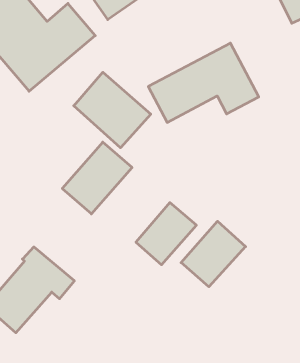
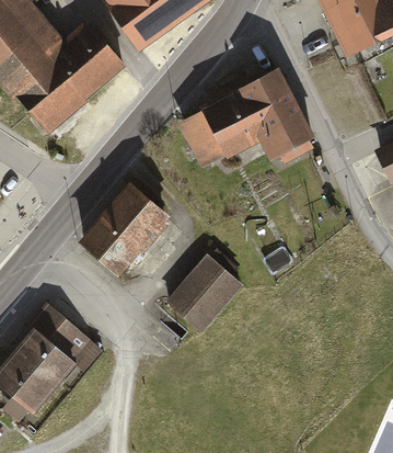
building: [74,72,151,148] -> none
building: [181,221,246,287] -> none

